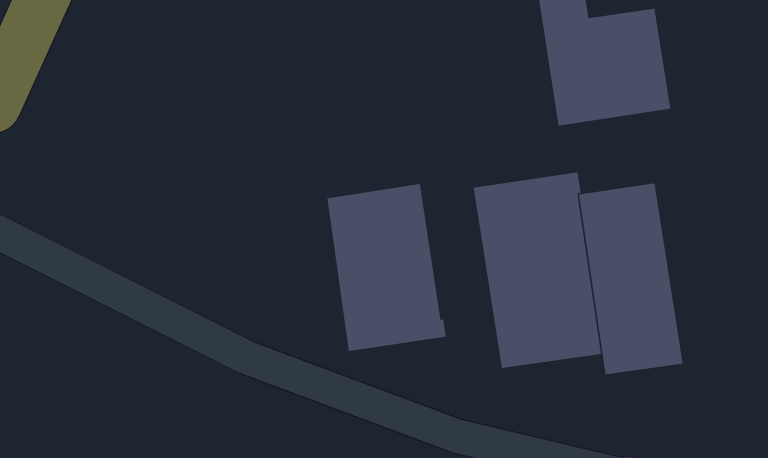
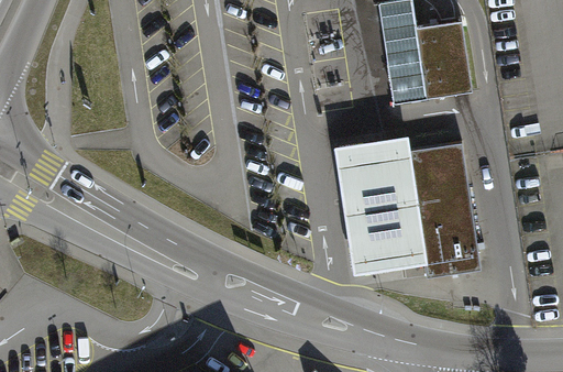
building: [327,183,447,352] -> none

